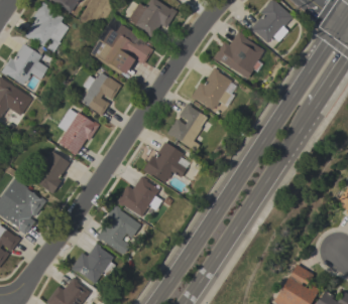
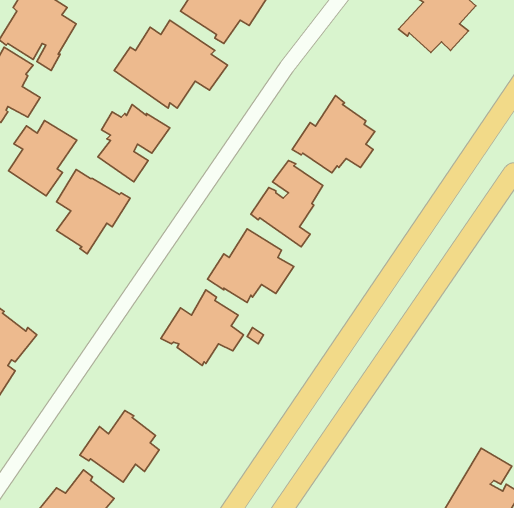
building: [213,31,263,78] -> none
building: [31,151,70,193] -> [9,120,77,196]
building: [96,203,140,254] -> none

